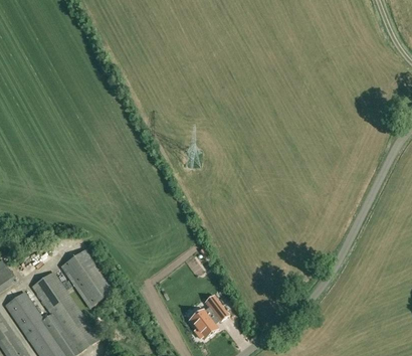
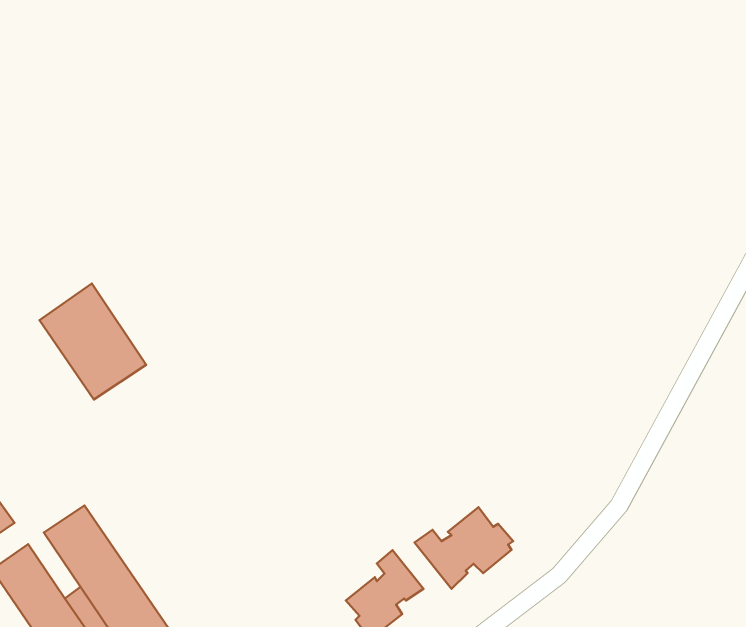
building: [59,246,115,307] -> [40,283,146,400]
building: none -> [415,507,513,589]

